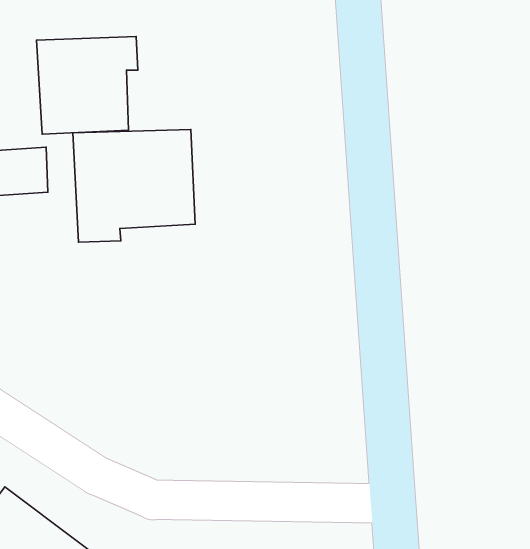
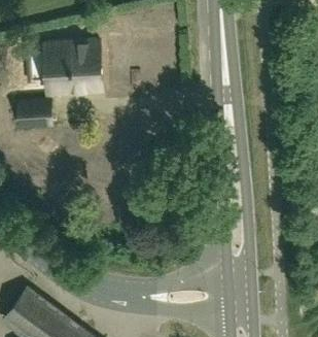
building: [73,130,195,242] -> none

